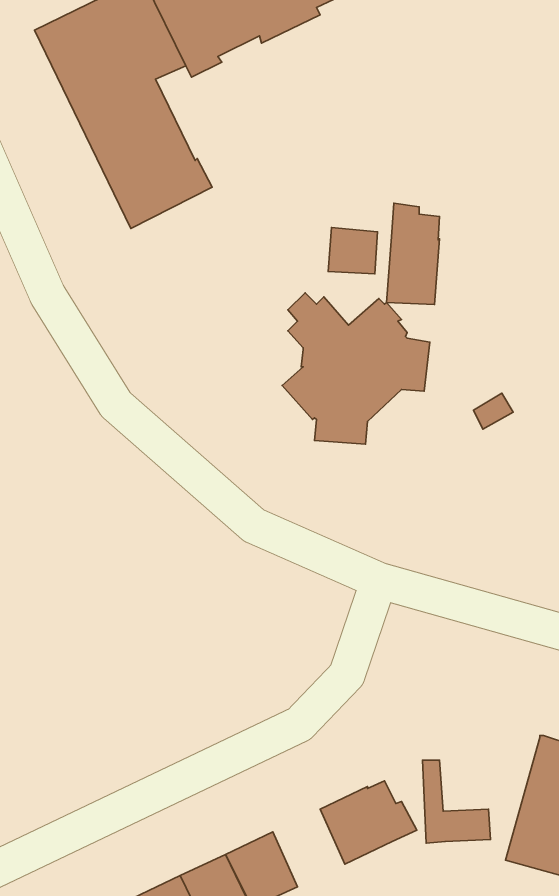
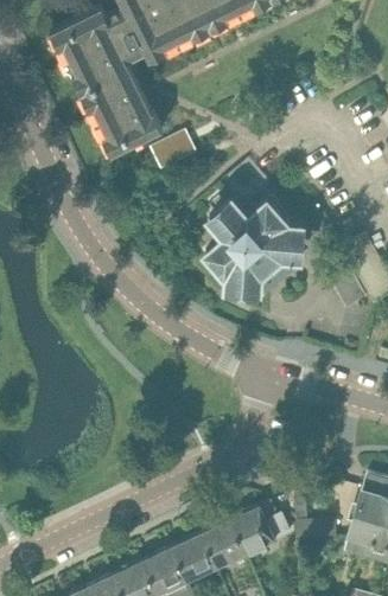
building: none -> [152,130,197,169]
building: [386,203,439,304] -> none
building: [328,228,377,274] -> none
building: none -> [202,519,247,568]

